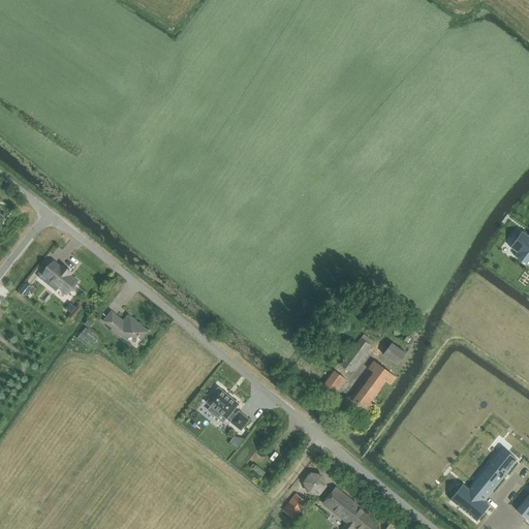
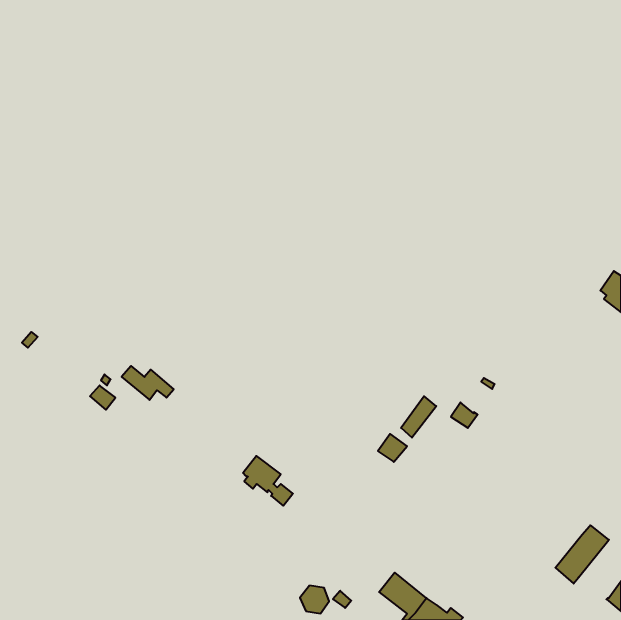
building: [44,261,77,292] -> none
building: [342,361,397,417] -> none
building: [302,471,326,495] -> [300,586,329,613]
building: [449,483,490,521] -> none

